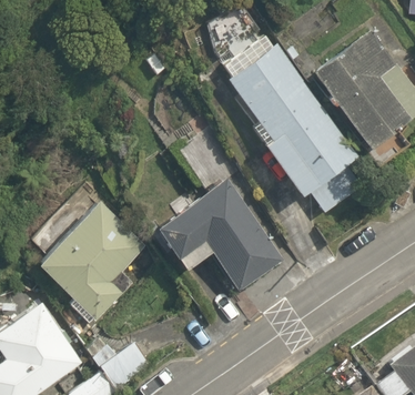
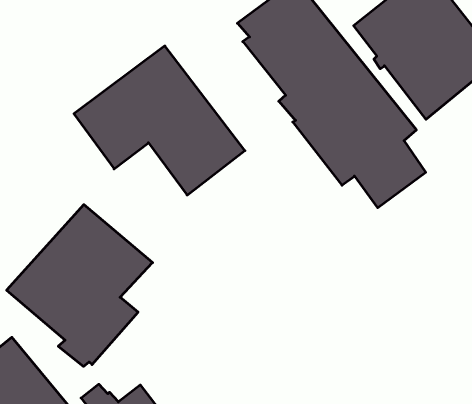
building: [153,175,284,292] -> [74,46,245,195]

